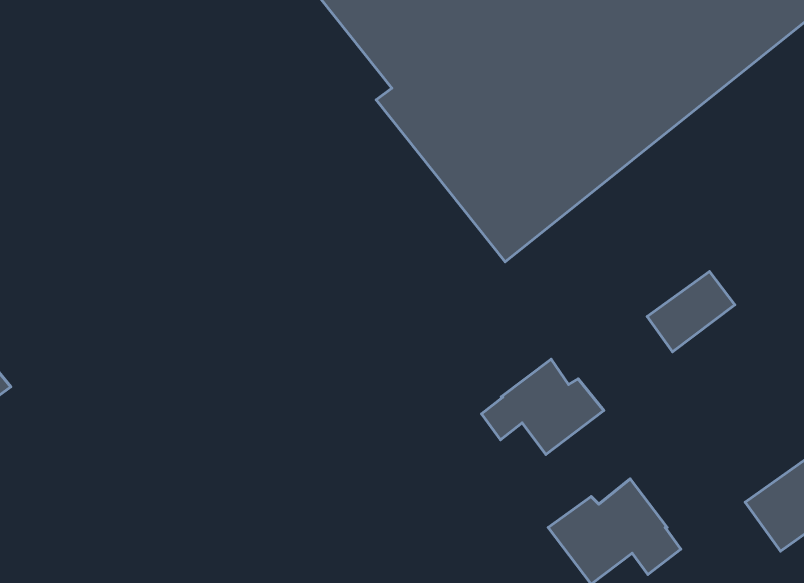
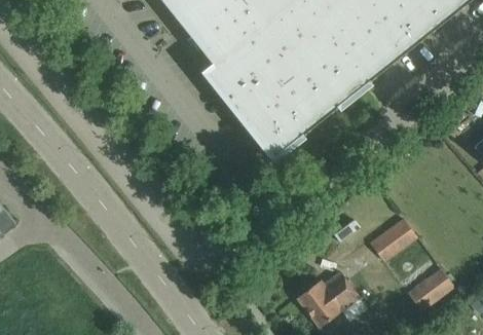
building: [647,272,735,352] -> [370,220,416,262]
building: [481,359,604,455] -> none

